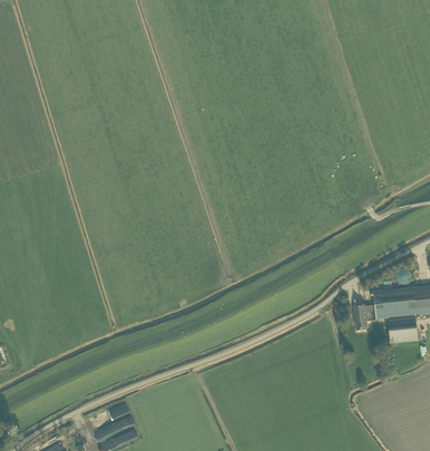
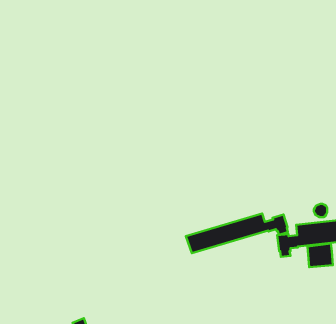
building: none -> [186,214,288,253]

